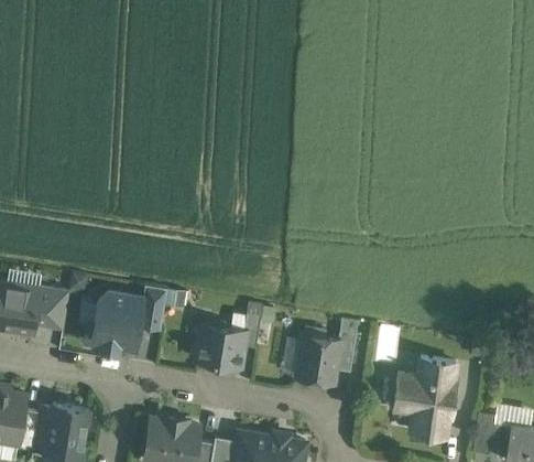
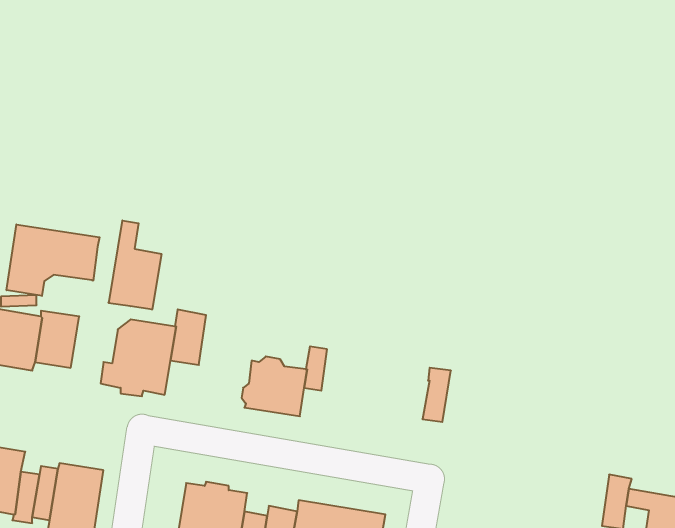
building: none -> [109,220,161,310]
building: none -> [7,224,100,296]
building: [296,336,339,384] -> none
building: [393,358,456,438] -> none

